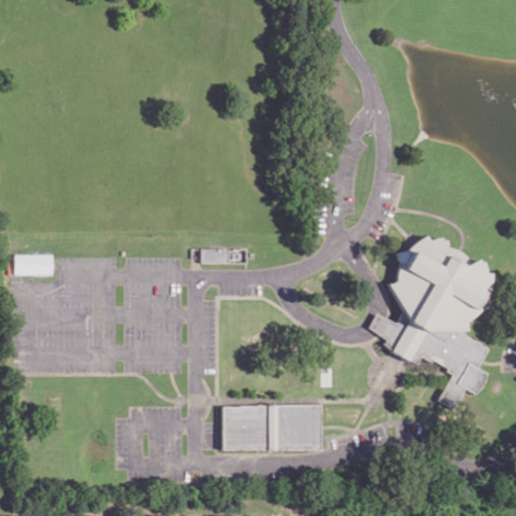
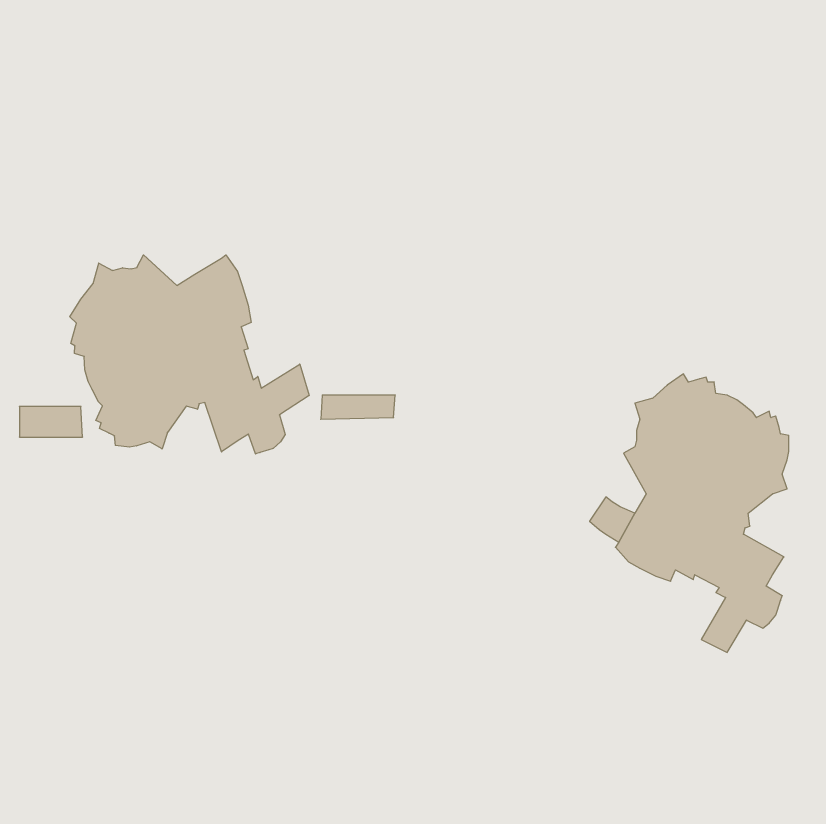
building: none -> [70,255,309,454]
building: [223,404,320,448] -> none

